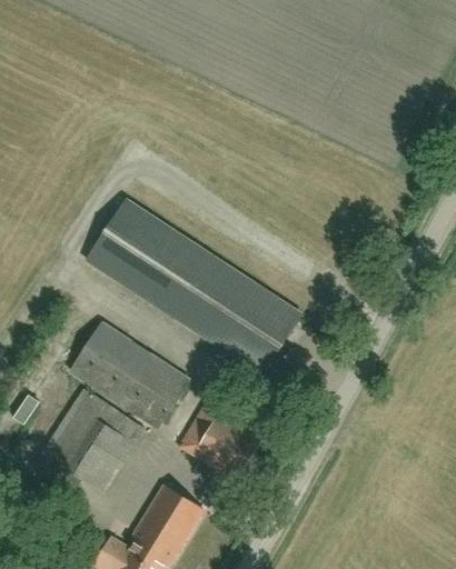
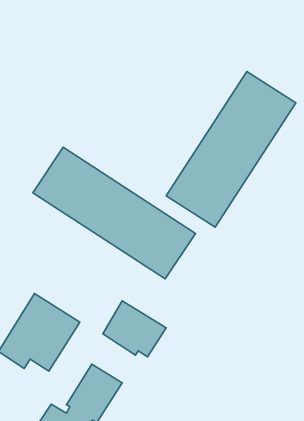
building: none -> [166,72,296,227]
building: [68,320,189,428] -> none

